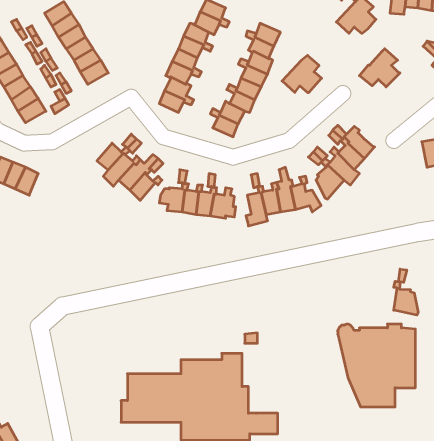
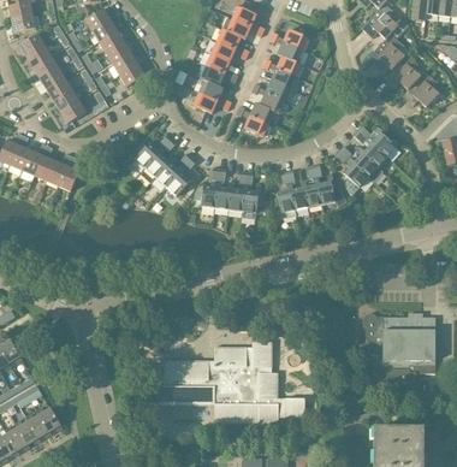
building: [282,55,322,92] -> [367,32,404,67]
building: none -> [402,70,439,106]
building: [394,269,418,315] -> none

